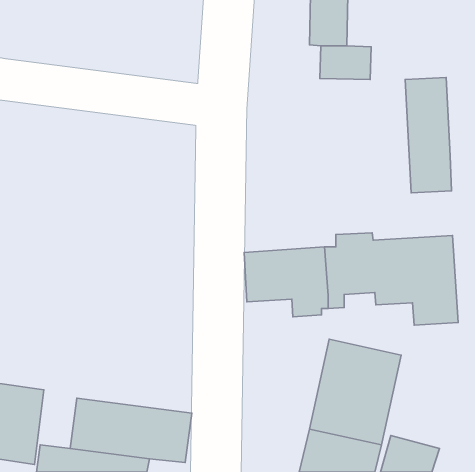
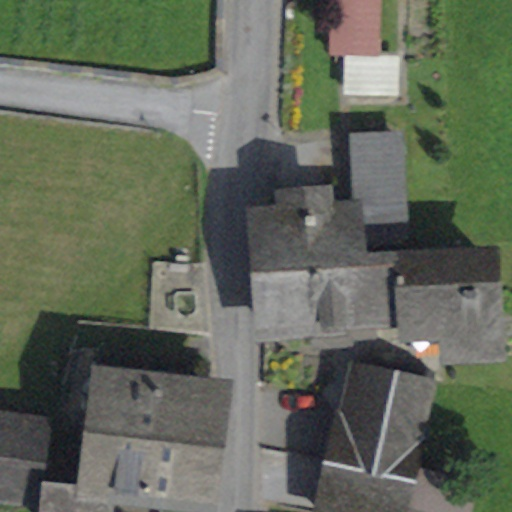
building: [405,77,451,193] -> none
building: none -> [257,132,399,270]
building: none -> [82,346,215,442]

